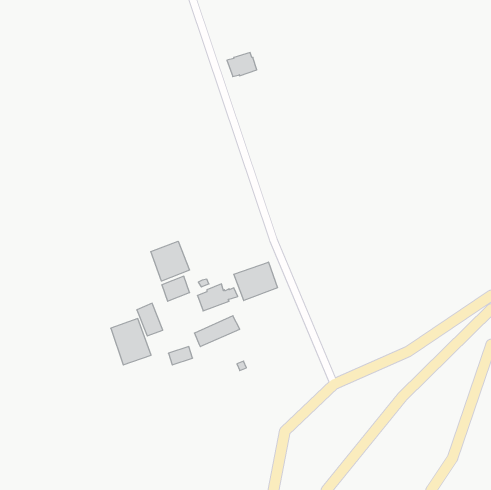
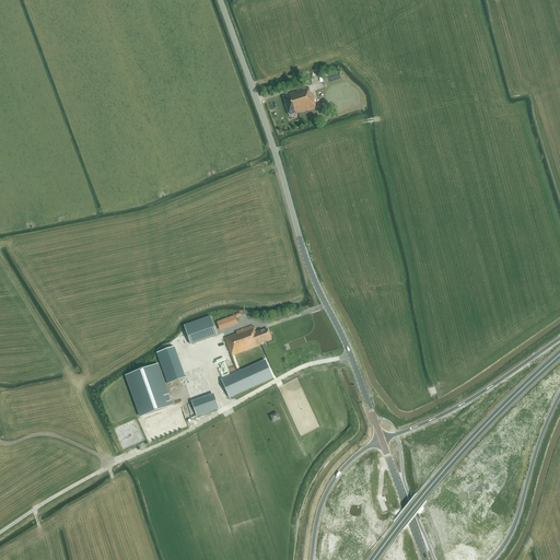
building: [227,53,257,77] -> [281,85,315,113]
building: [151,241,190,281] -> none
building: [234,262,278,301] -> none

